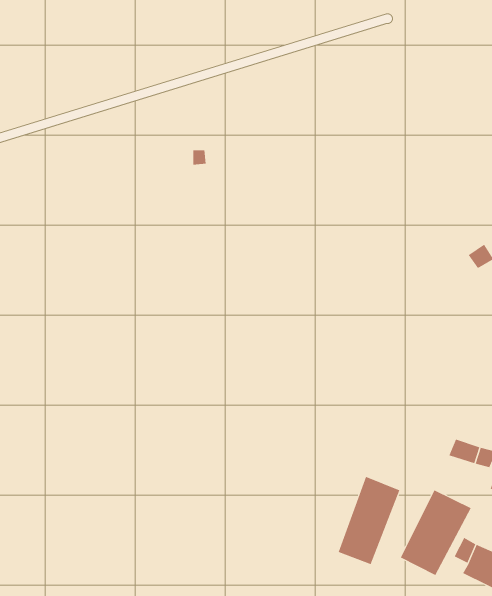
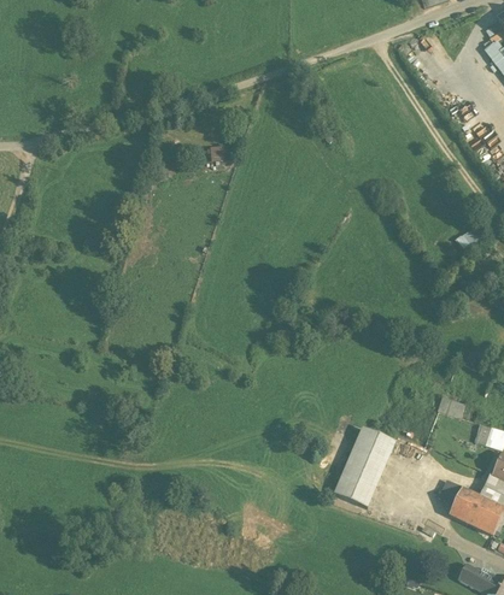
building: [400,489,472,576] -> none

